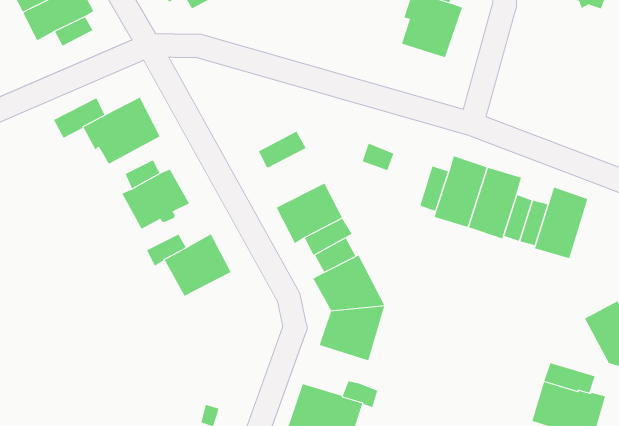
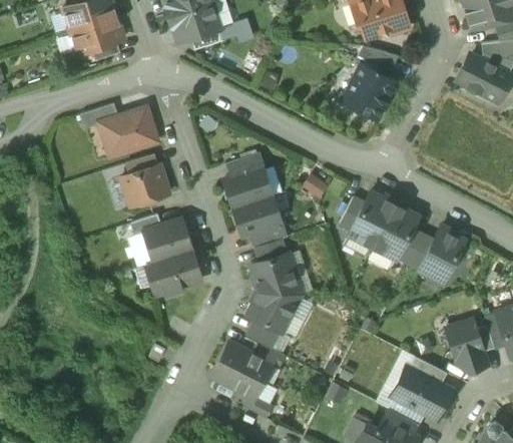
building: none -> [223,167,272,207]
building: none -> [145,250,201,295]
building: none -> [246,319,280,348]

